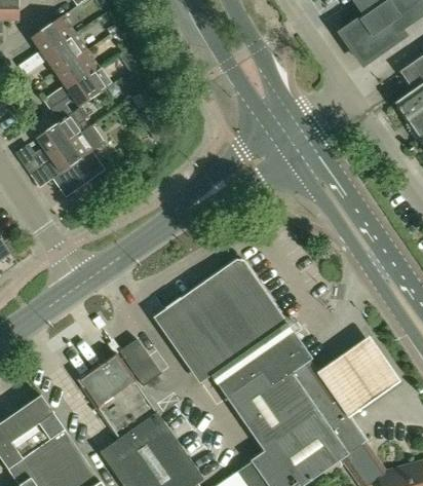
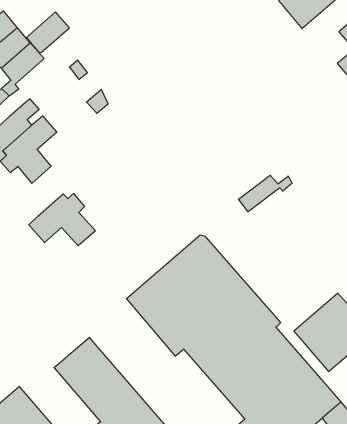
building: [68,67,112,107] -> [27,12,69,53]
building: none -> [29,194,95,246]
building: none -> [238,175,292,212]
building: [124,342,162,389] -> none

